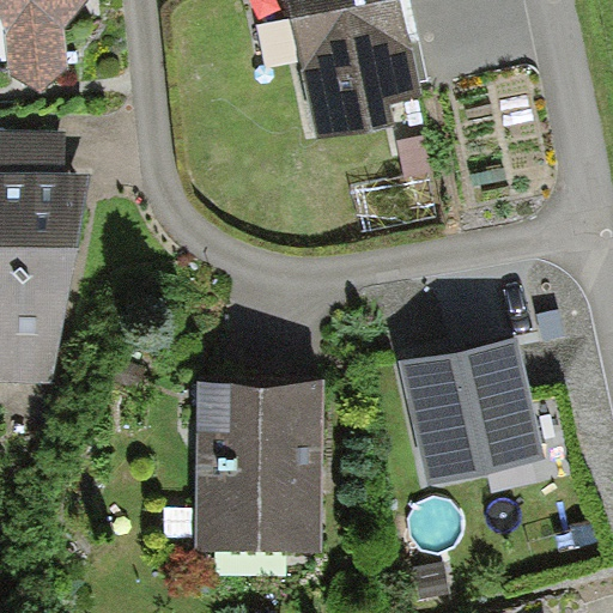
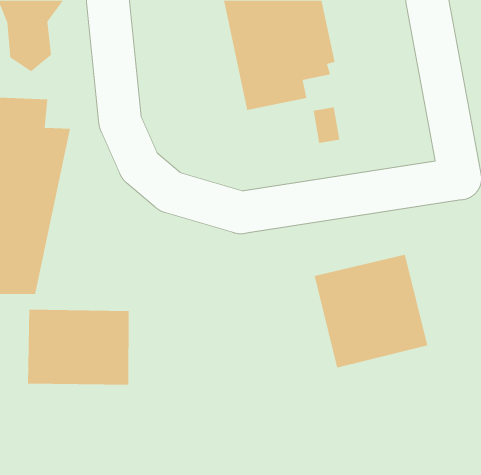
building: [196,372,322,550] -> none
building: none -> [27,309,129,385]

